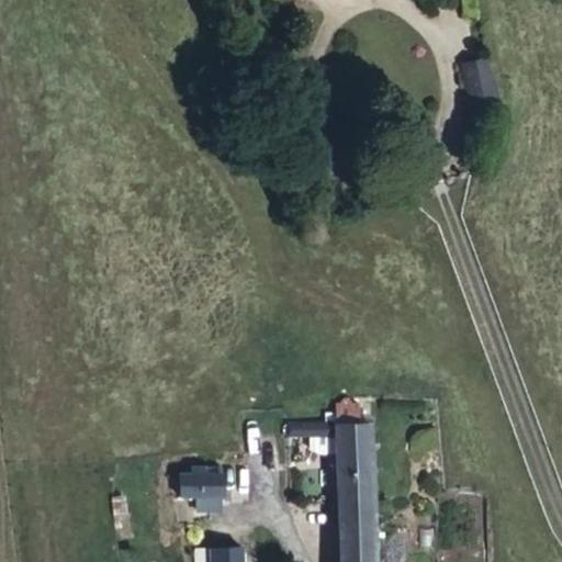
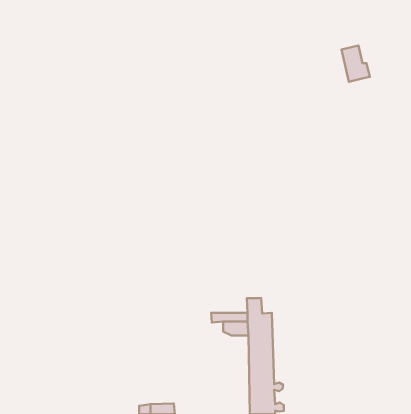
building: [181,471,225,510] -> none

